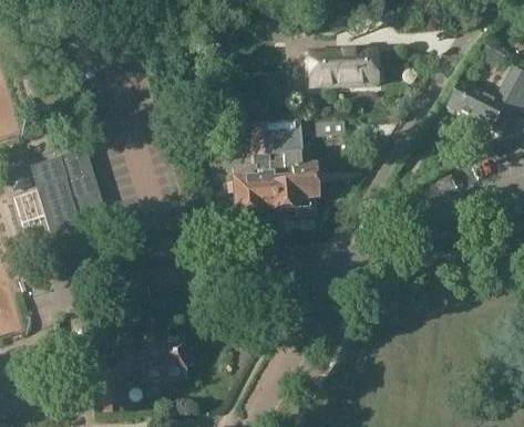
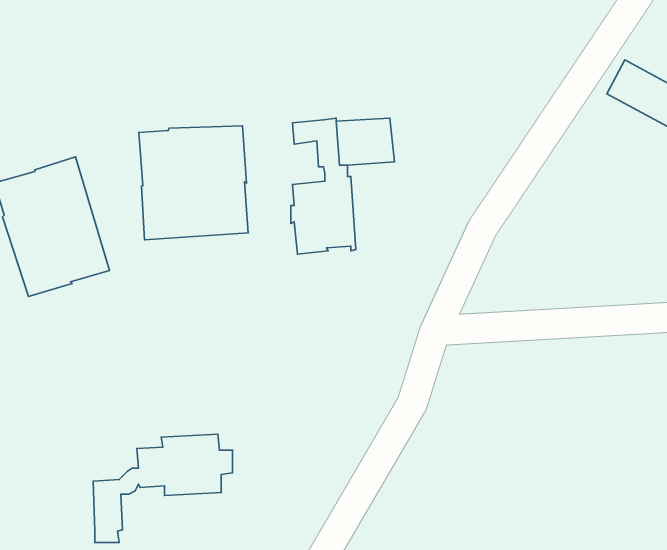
building: [310,49,383,85] -> none
building: none -> [139,126,248,240]
building: [275,155,318,215] -> none

